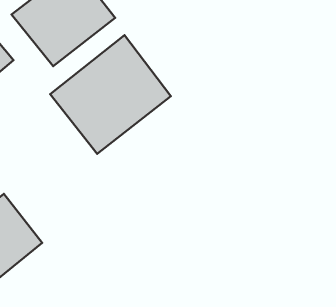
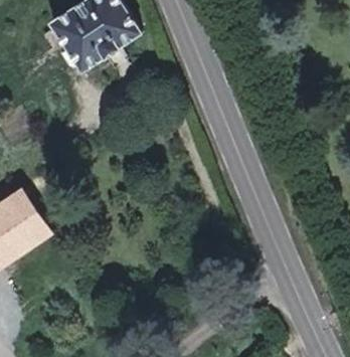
building: [50,35,171,154] -> none

